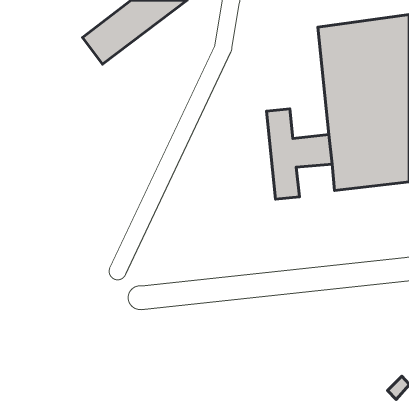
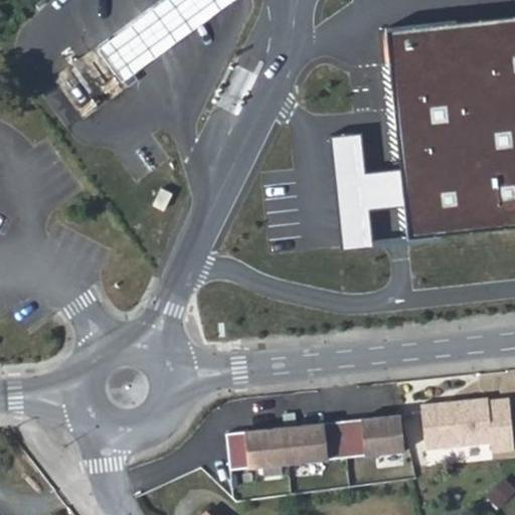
building: none -> [414,394,509,450]
building: none -> [220,412,399,468]

